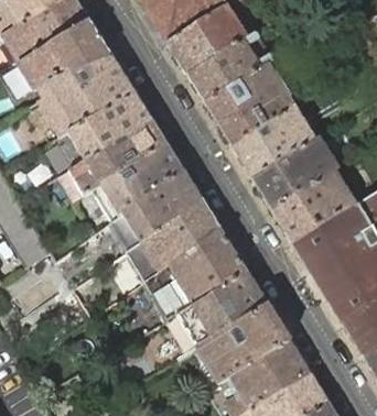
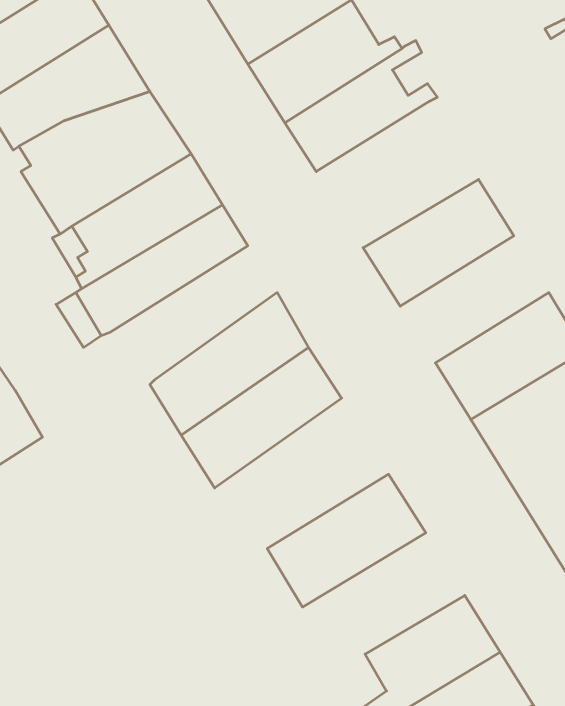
building: [205,63,297,145] -> none
building: [252,139,336,210] -> none
building: [89,144,183,220] -> none
building: [142,230,246,321] -> none
building: [196,306,289,384] -> none

